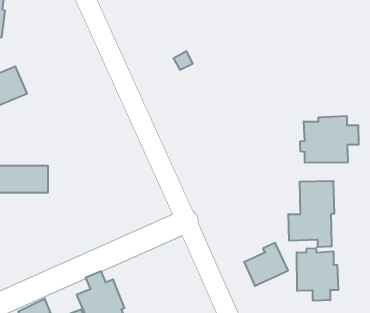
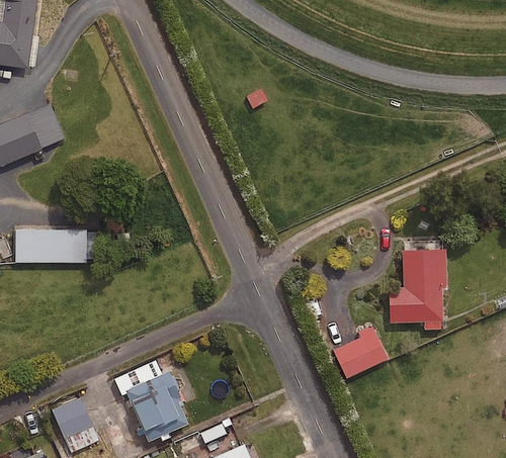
building: [300,116,359,163] -> none
building: [297,248,338,301] -> none

